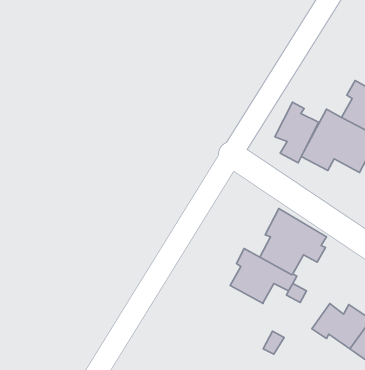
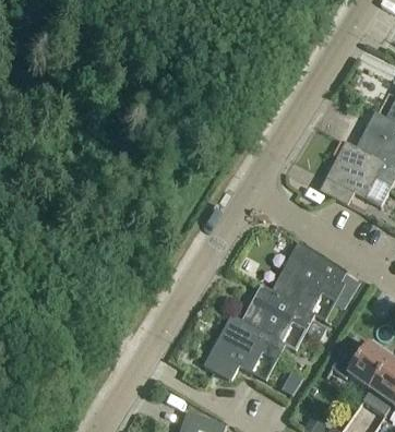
building: [275,102,319,163] -> none
building: none -> [204,314,285,380]

